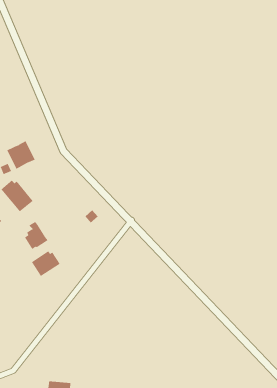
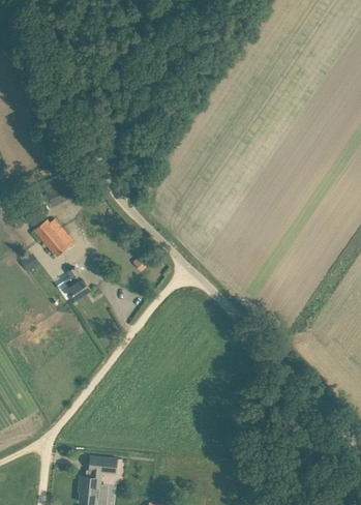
building: [31,251,61,277] -> none

